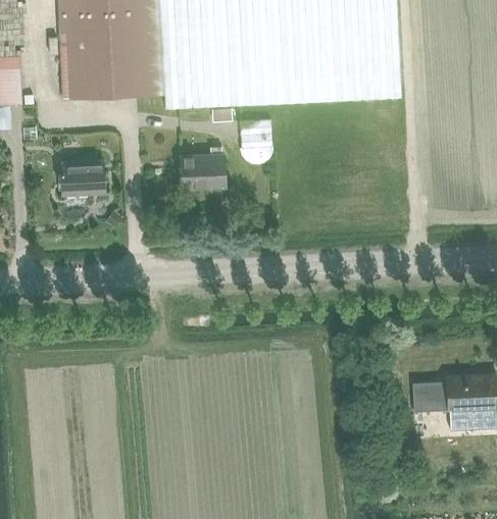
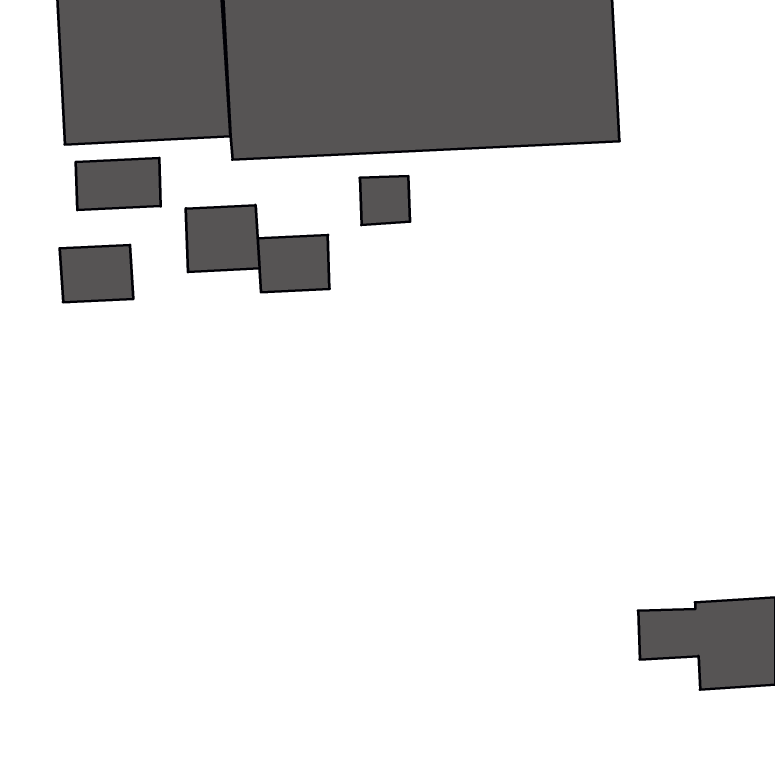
building: none -> [76,158,161,210]
building: none -> [186,205,259,272]

